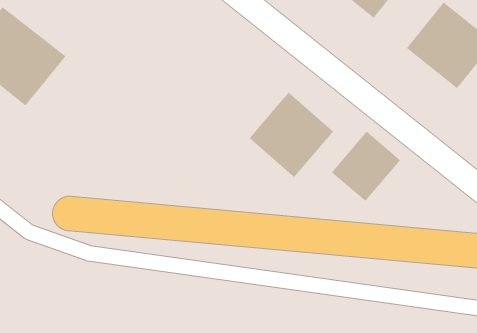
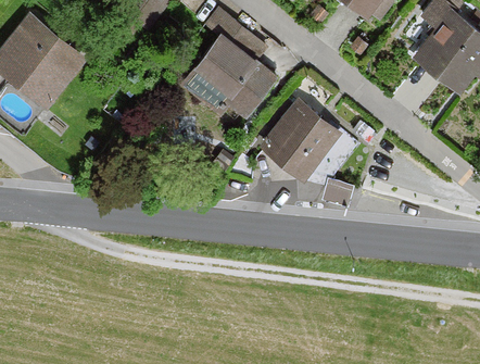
building: none -> [193,34,276,112]
building: [331,131,401,202] -> none

